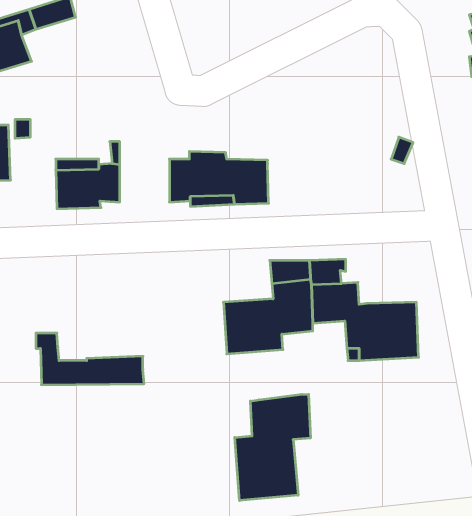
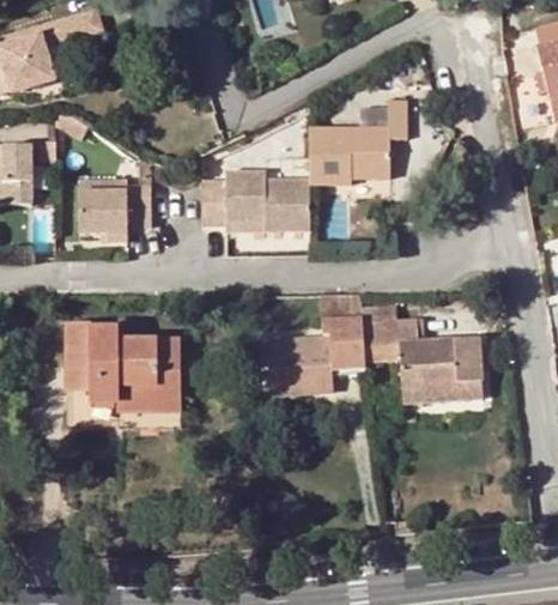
building: none -> [313,96,408,187]
building: none -> [62,321,180,401]
building: [235,394,310,501] -> none

